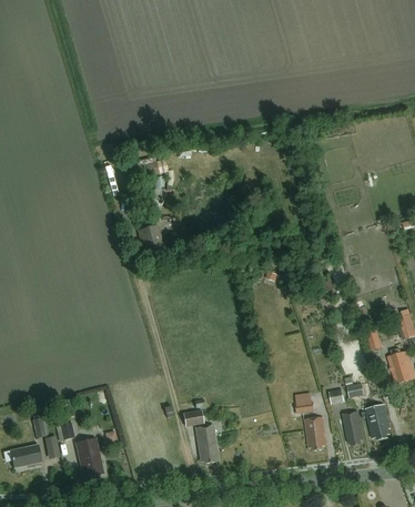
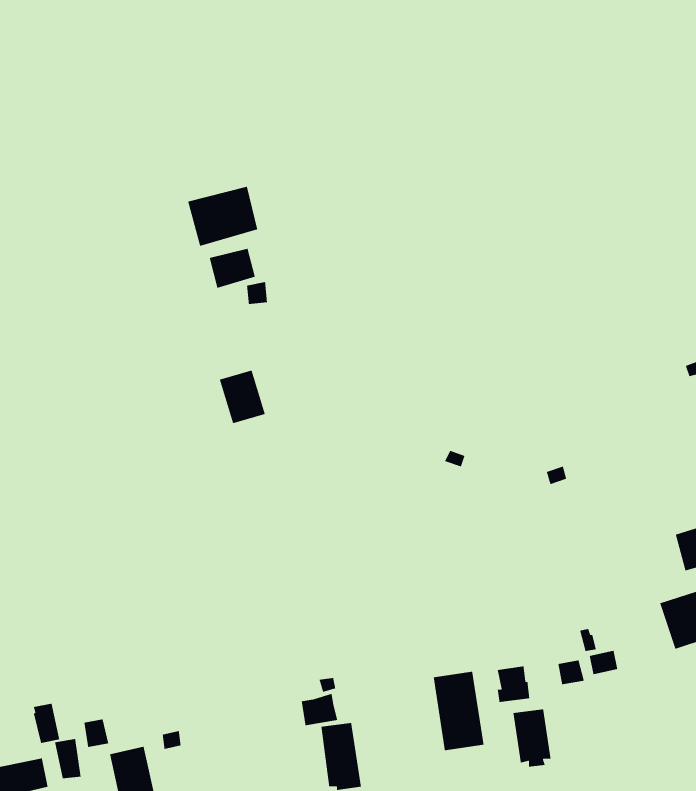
building: none -> [187,186,258,247]
building: none -> [433,671,484,751]
building: [365,405,389,440] -> none
building: [342,412,363,446] -> none

